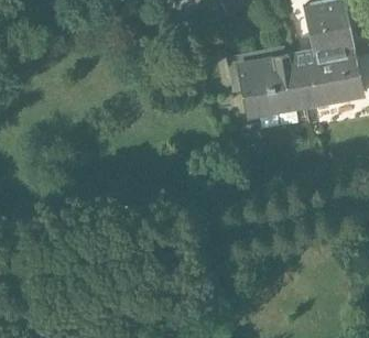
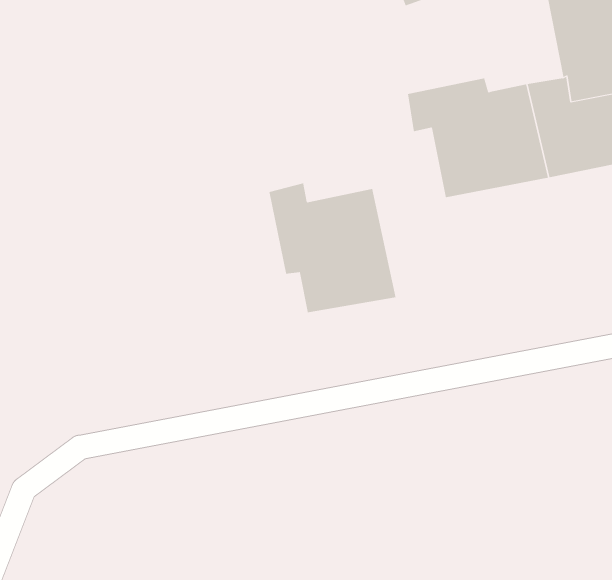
building: none -> [269,183,396,313]

